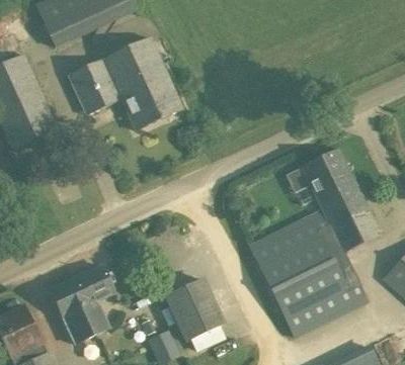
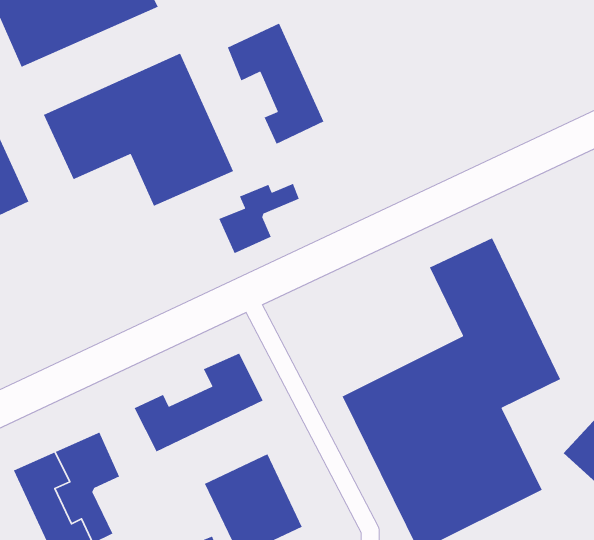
building: none -> [227,22,324,145]
building: none -> [218,183,300,254]
building: none -> [134,352,264,452]

